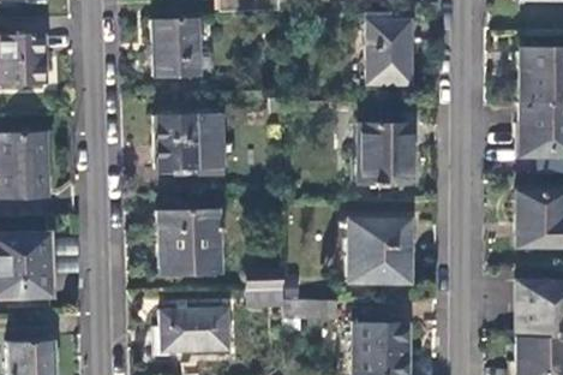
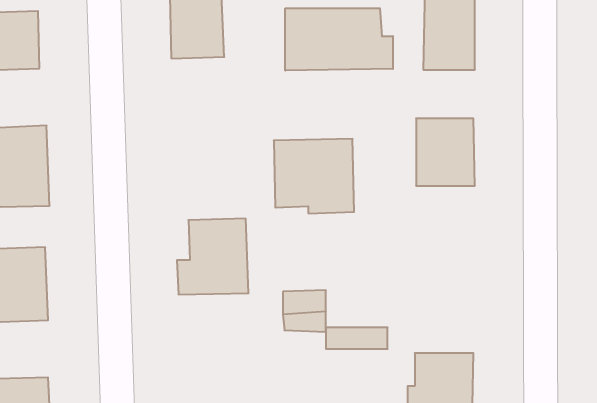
building: none -> [285,8,393,71]
building: [156,113,223,175] -> [274,139,354,213]
building: [347,220,408,282] -> none
building: [161,308,228,351] -> none

